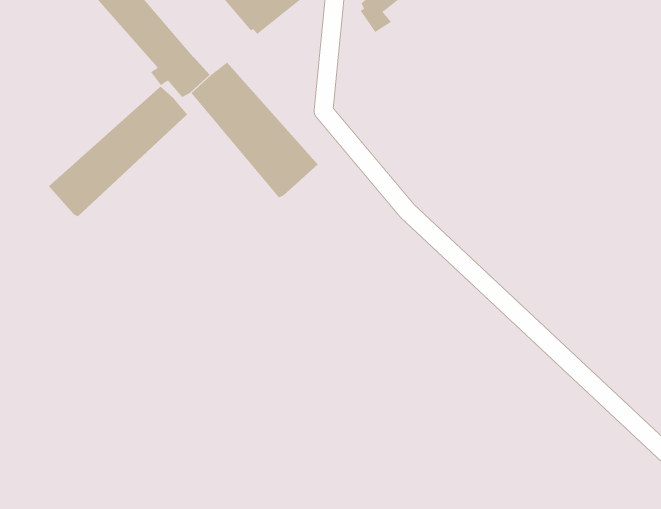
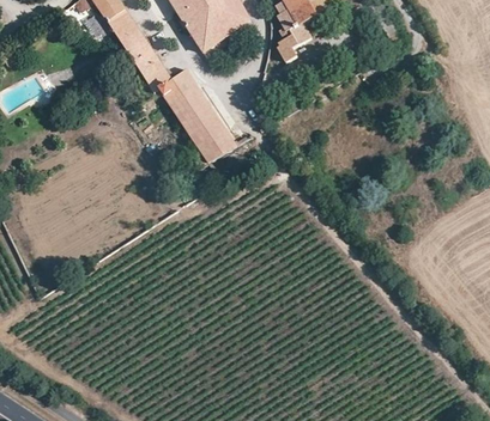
building: [48,86,188,217] -> none

